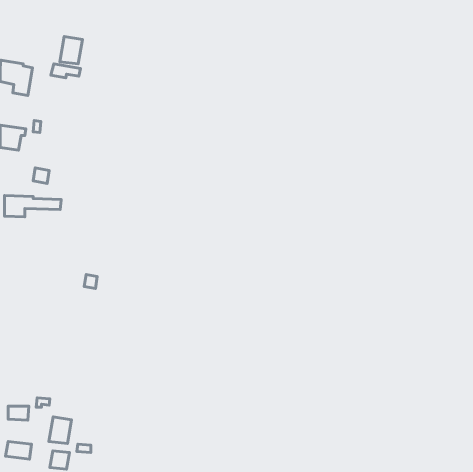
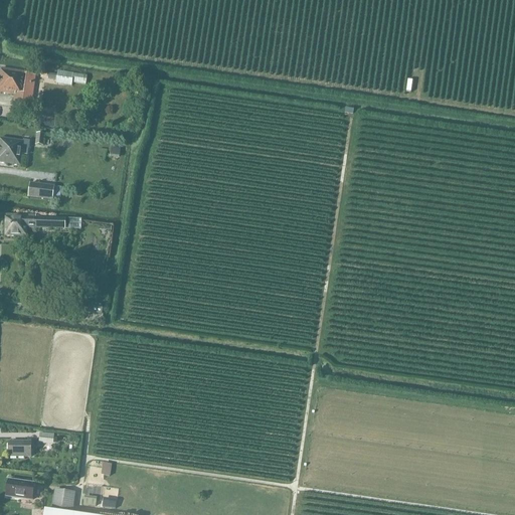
building: [60,36,82,64] -> none
building: [49,417,71,444] -> none

